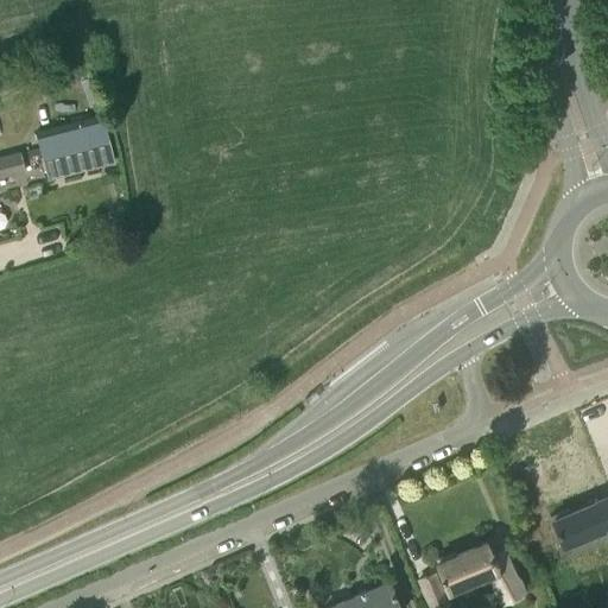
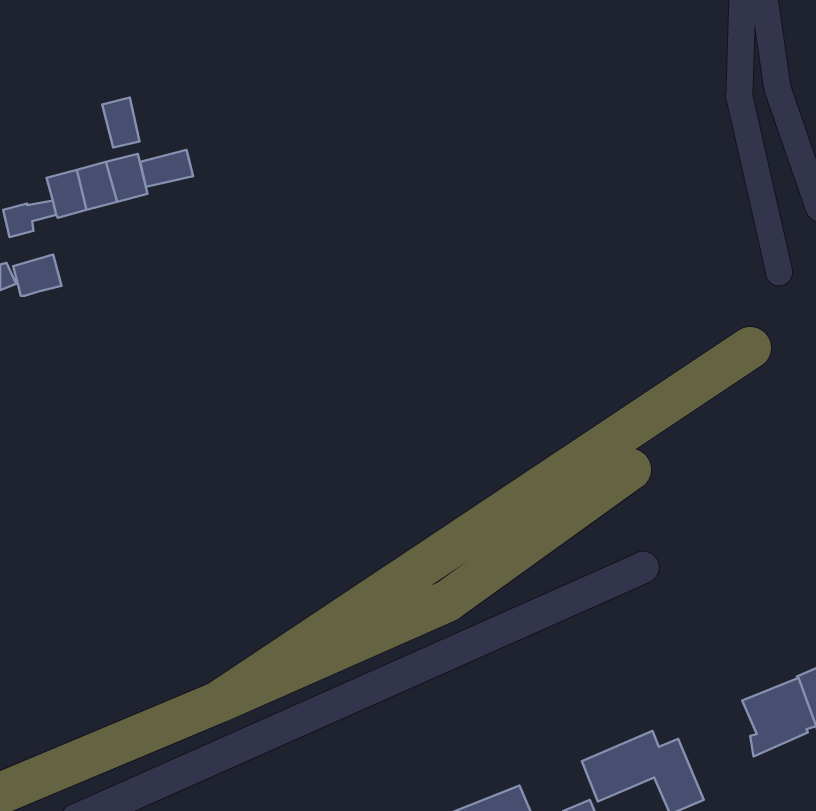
building: none -> [102,97,140,148]
building: none -> [140,150,193,187]
building: none -> [13,255,61,296]

